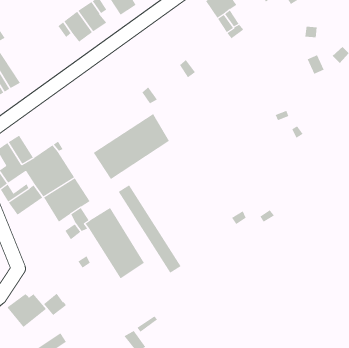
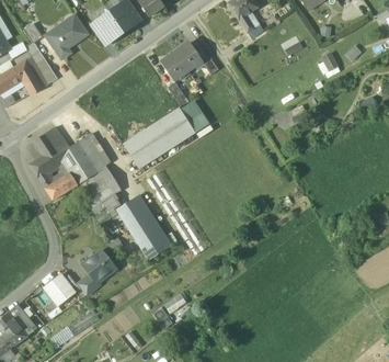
building: none -> [44,13,89,58]
building: none -> [161,41,203,79]
building: none -> [181,99,209,132]
building: none -> [83,249,115,281]

